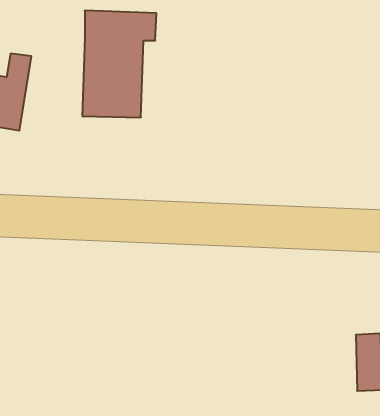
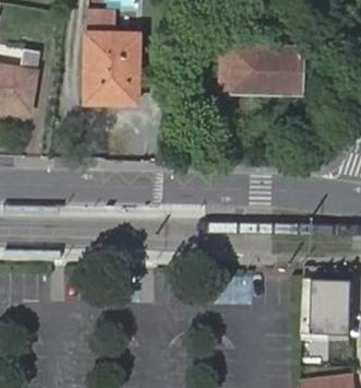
building: none -> [228,32,298,93]

